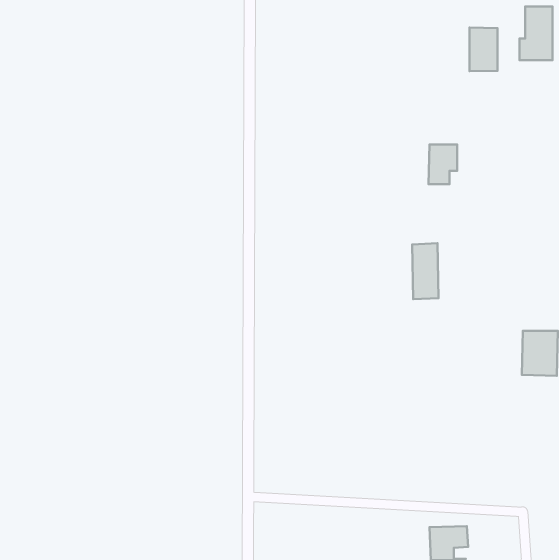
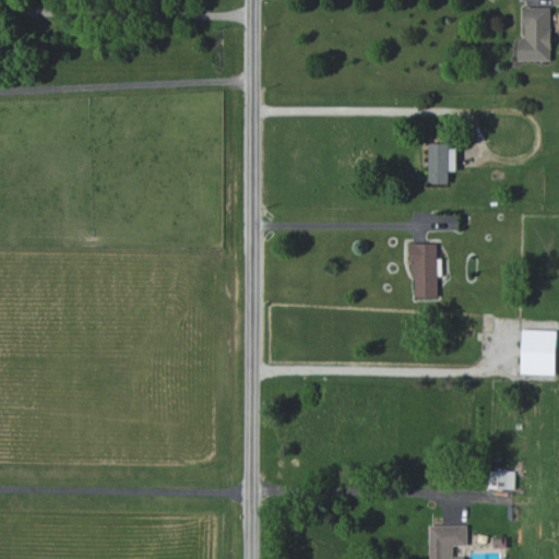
building: [470,27,497,71] -> none
building: none -> [488,469,514,489]

